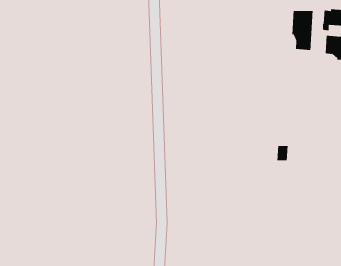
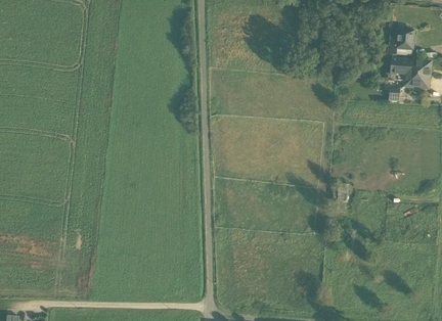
building: [292,10,313,51] -> none

